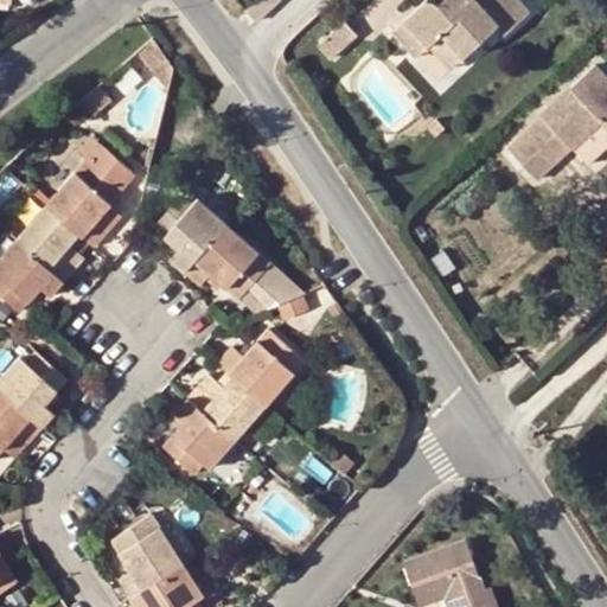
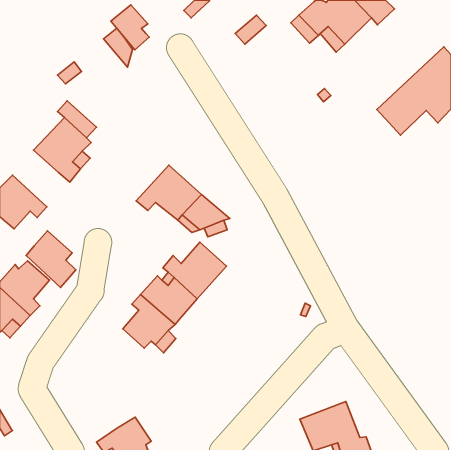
building: none -> [111,5,149,50]
building: [153,197,226,271] -> none
building: [17,204,83,280] -> [26,231,76,287]
building: [110,515,181,595] -> none

